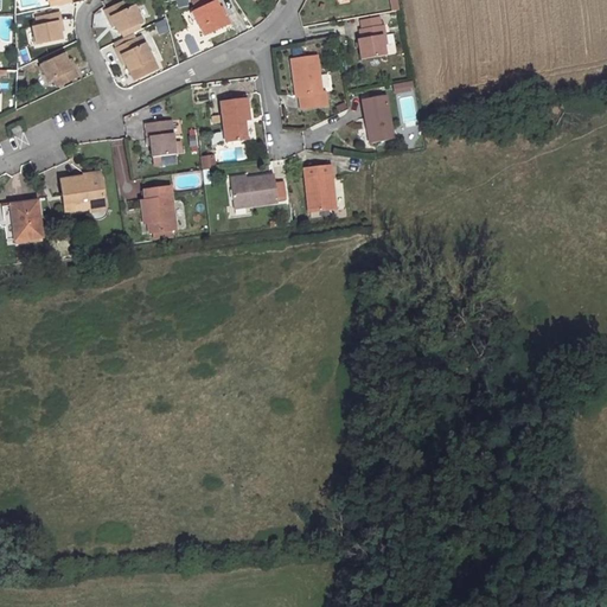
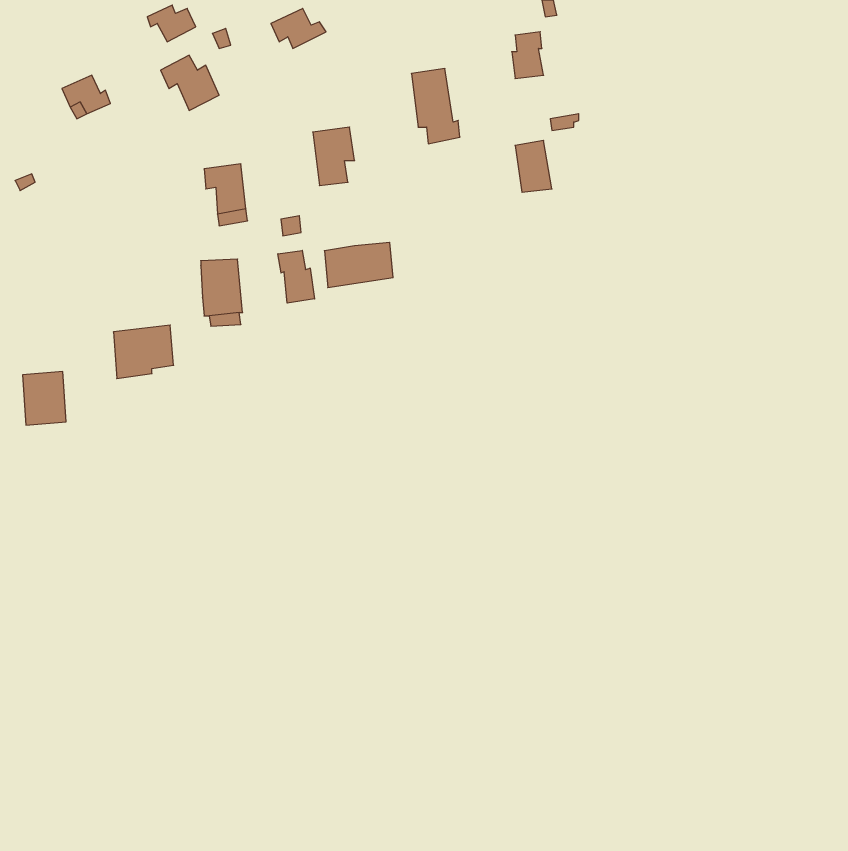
building: [33,17,63,50] -> none
building: [306,160,339,206] -> none
building: [58,173,101,211] -> [113,325,174,379]
building: none -> [278,250,315,303]
building: [6,207,37,245] -> [23,372,66,425]

